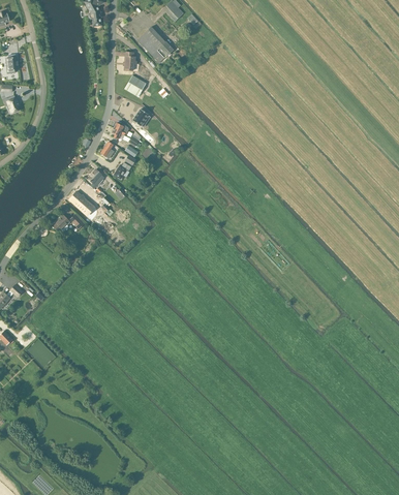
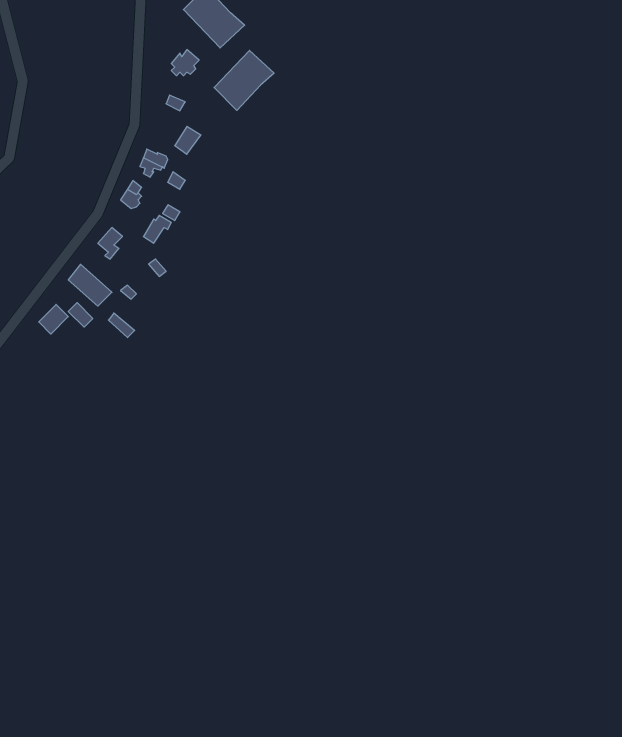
building: none -> [214,50,274,110]

